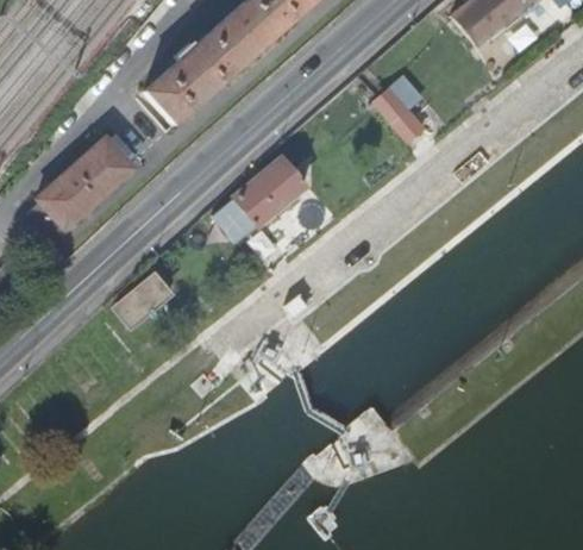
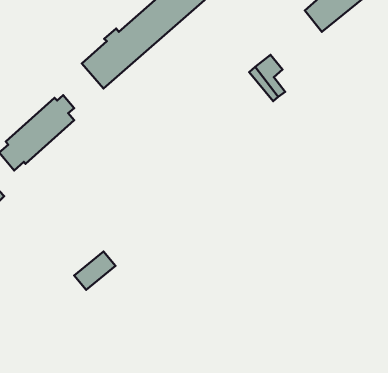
building: [214,157,306,243] -> none
building: [117,275,174,329] -> [74,251,115,290]

